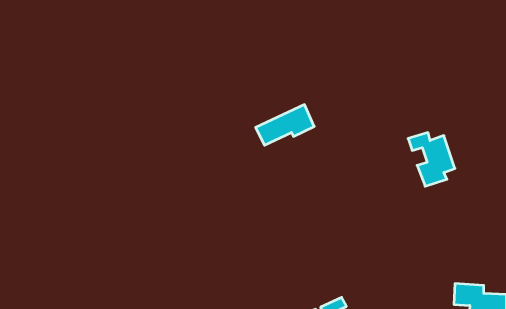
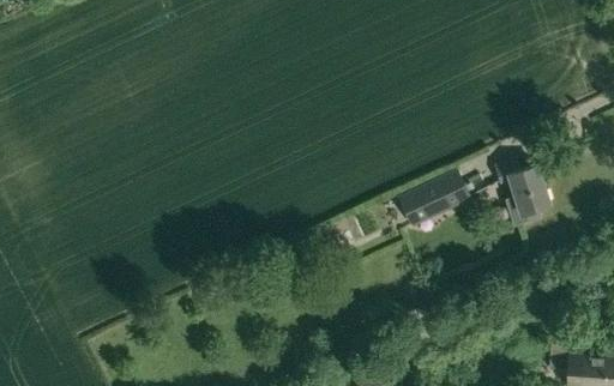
building: [256,105,314,145] -> [399,173,470,222]

